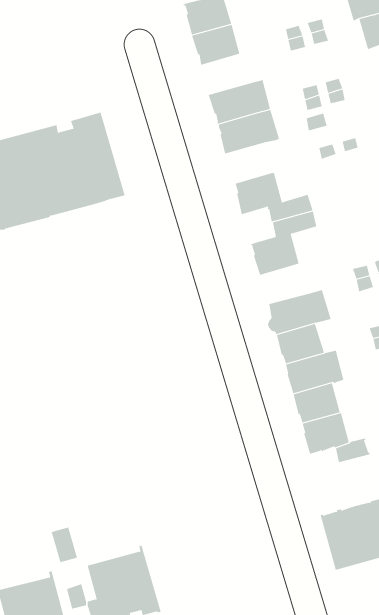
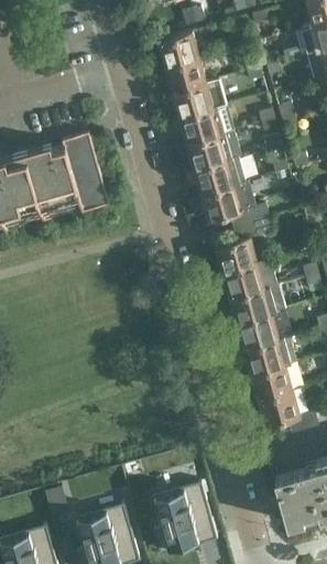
building: none -> [173,79,226,118]
building: none -> [193,156,244,194]
building: none -> [222,262,264,296]
building: none -> [152,481,216,554]

